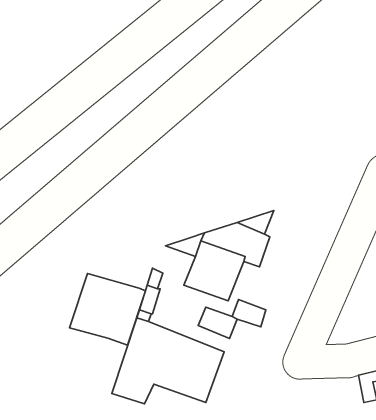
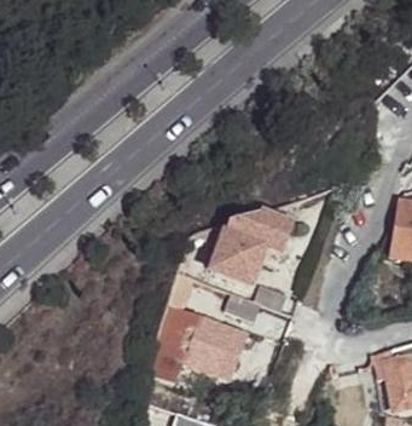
building: [70,273,145,345] -> none

